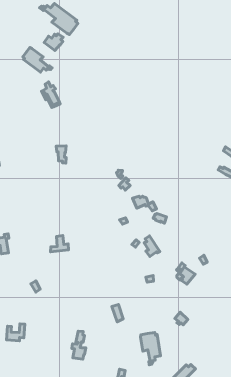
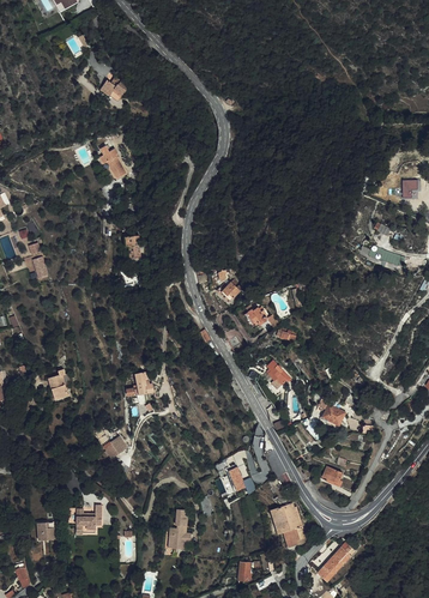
building: [40,4,78,35] -> none
building: [23,47,52,72] -> none

